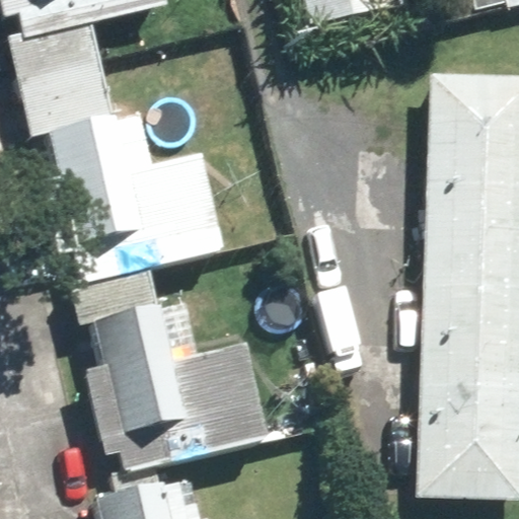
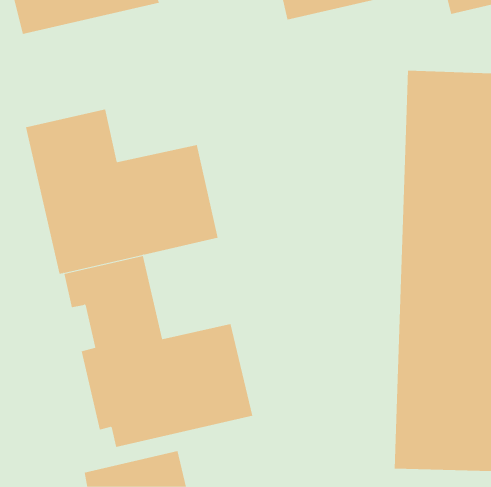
building: [7,24,113,134] -> none

